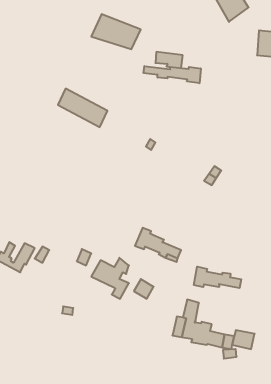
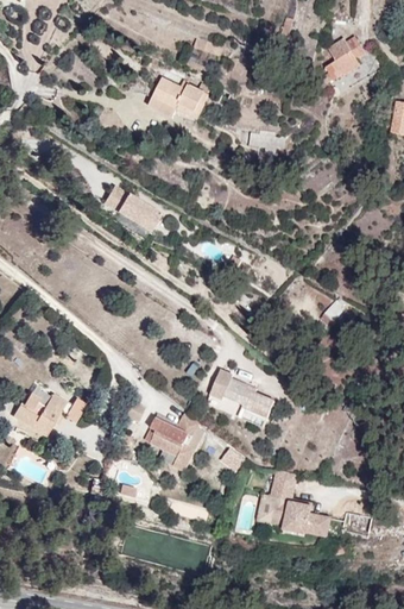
building: [144,66,201,83] -> none
building: [194,267,241,288] -> none

